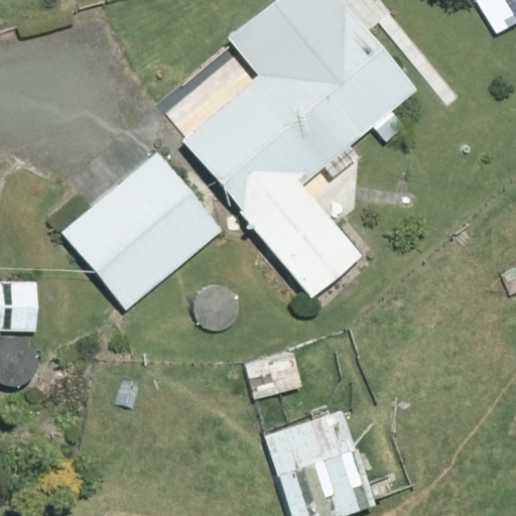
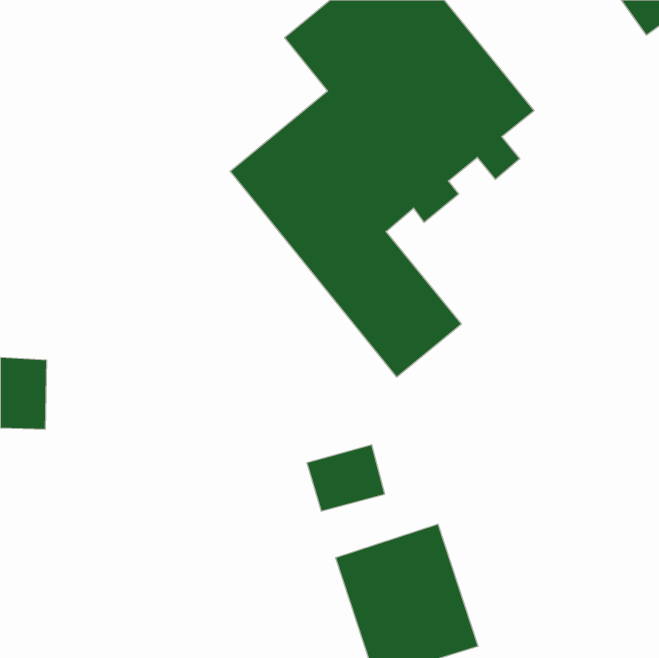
building: [59,152,221,310] -> none

